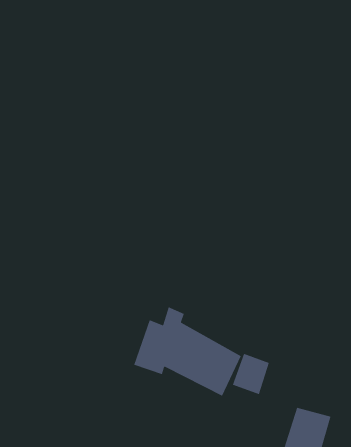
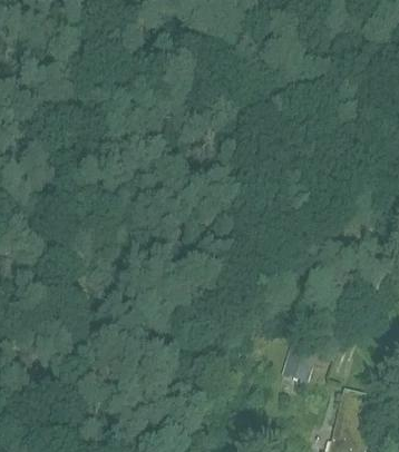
building: [133,306,242,397] -> none

